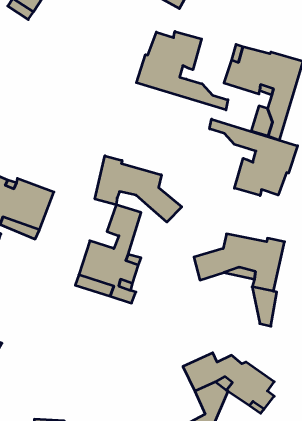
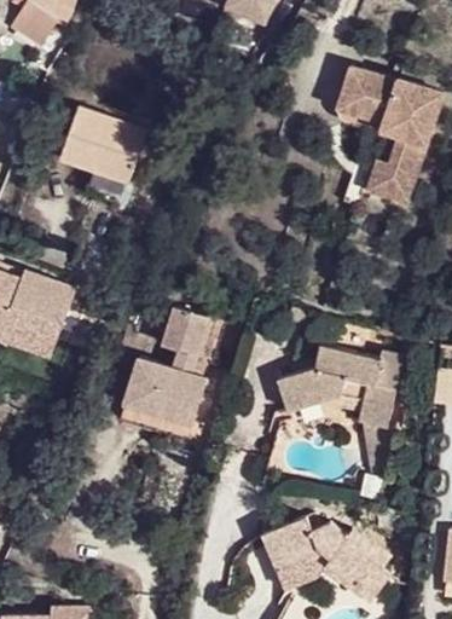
building: [136,31,228,110] -> none
building: none -> [60,104,147,207]
building: [210,119,298,196] -> none
building: [95,156,182,222] -> none

